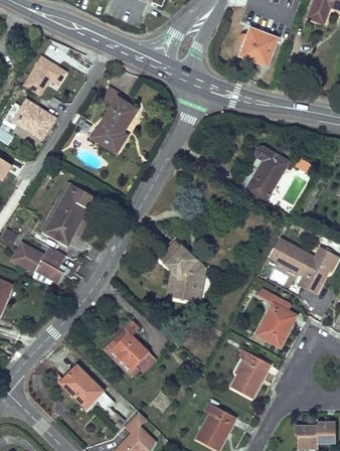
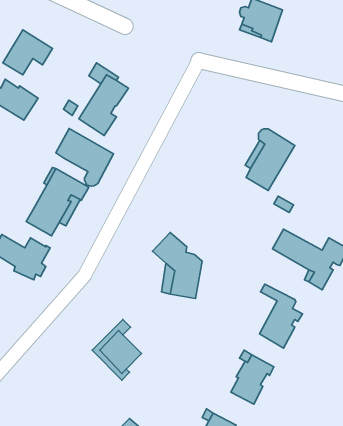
building: none -> [56,129,114,186]
building: [62,365,115,411] -> none

